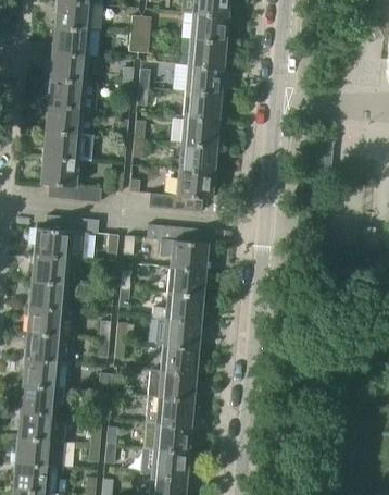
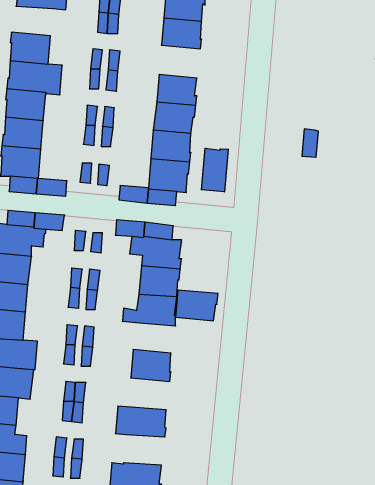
building: [51,27,89,54] -> none
building: [187,63,225,94] -> none
building: none -> [202,148,228,192]
building: [163,319,202,347] -> [176,290,218,321]
building: [149,370,197,399] -> none
building: [154,422,192,450] -> none

